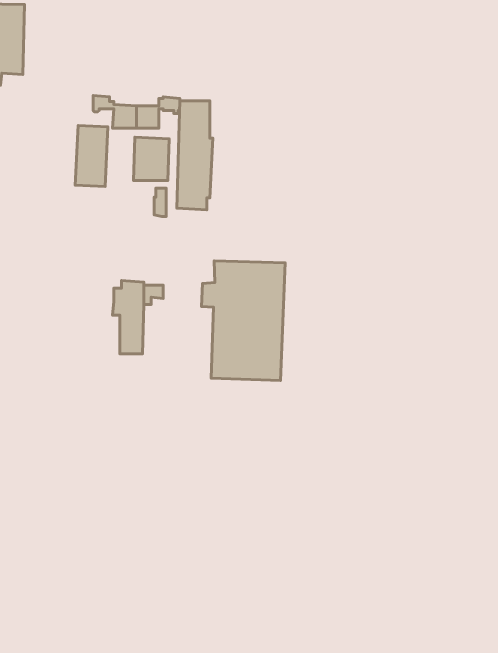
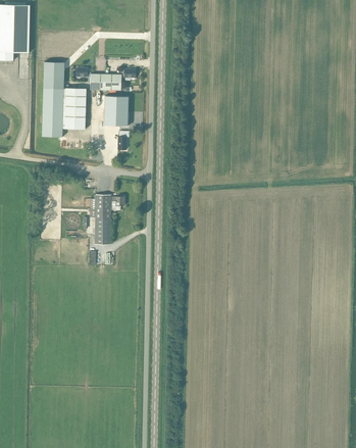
building: [177,101,213,210] -> [42,61,66,136]
building: [201,261,285,380] -> none

